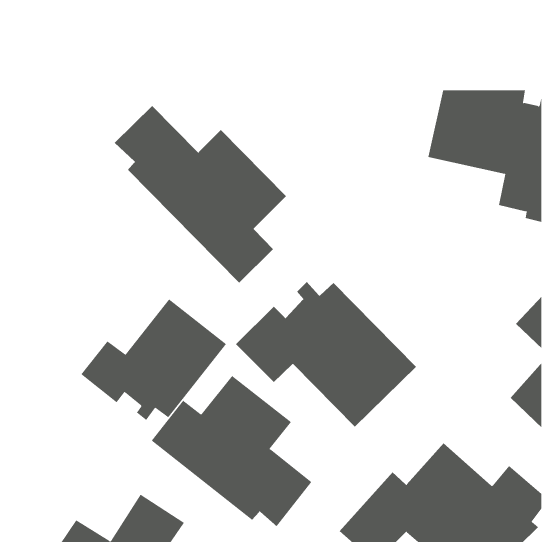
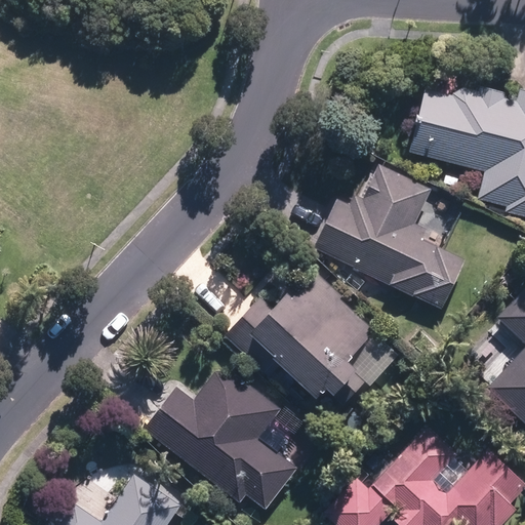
building: [114,105,287,283] -> none
building: none -> [317,163,466,309]
building: [81,298,227,421] -> none

